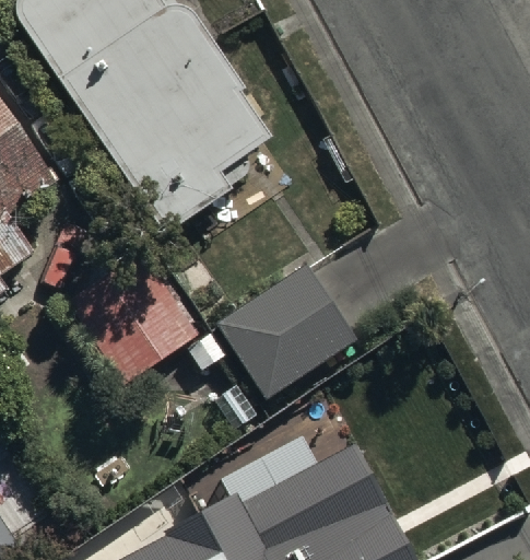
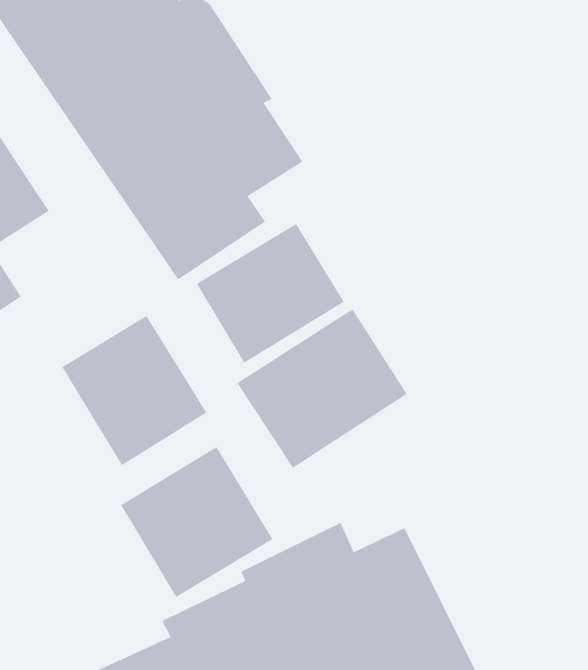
building: none -> [196,223,345,363]
building: none -> [120,446,273,598]

